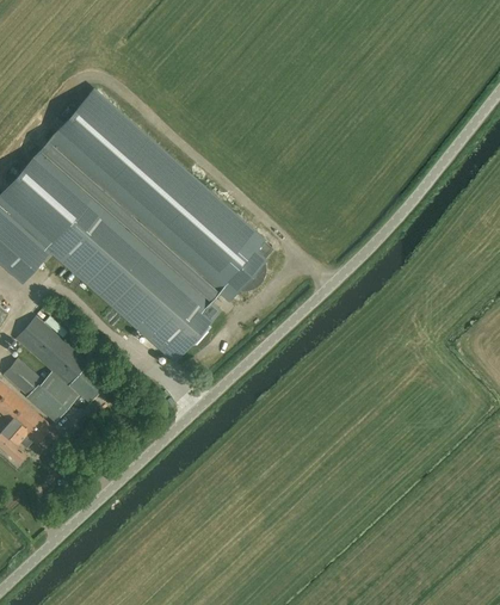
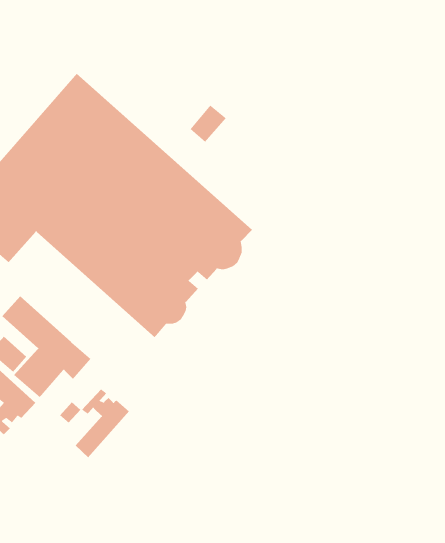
building: none -> [190,105,227,143]
building: none -> [75,388,130,458]

